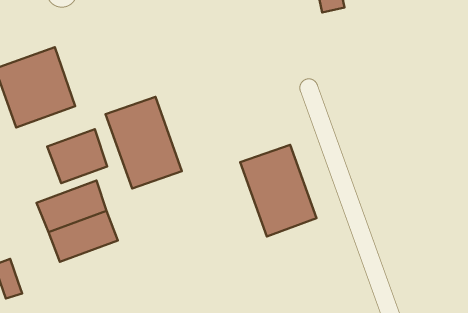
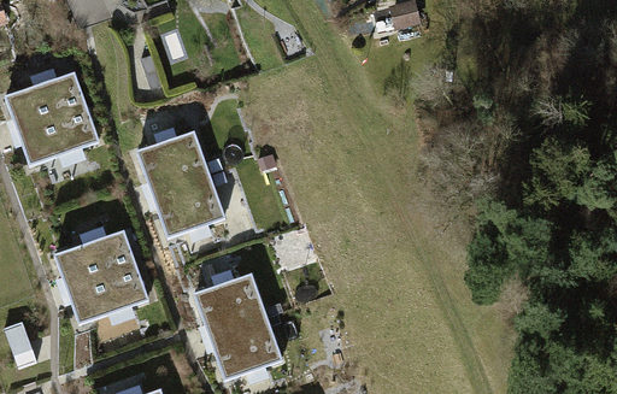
building: [47,129,107,183] -> none
building: [240,145,316,236] -> [193,271,283,380]

